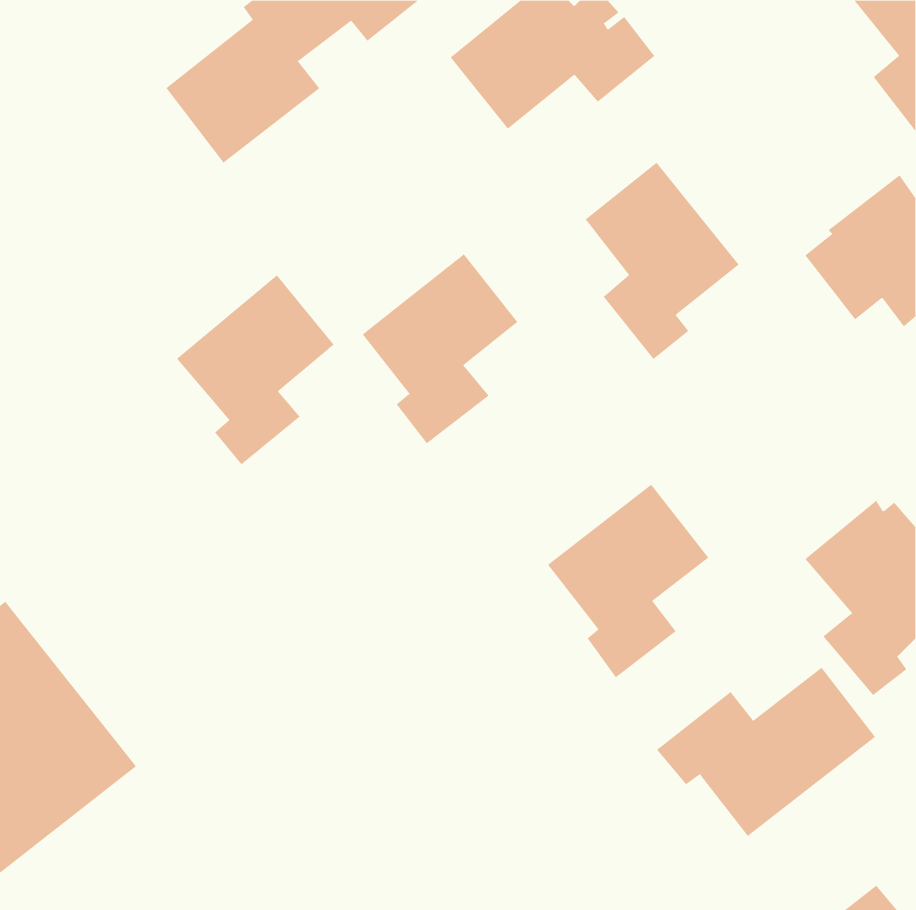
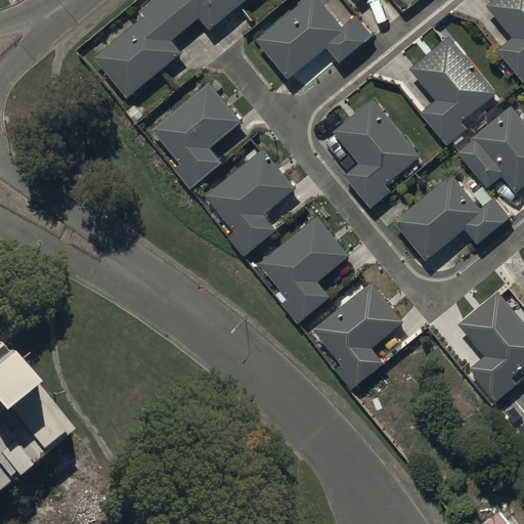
building: none -> [409,35,495,146]
building: [176,274,335,465] -> [151,80,242,188]
building: none -> [394,173,512,259]
building: none -> [259,215,349,322]
building: [656,667,876,837] -> none

